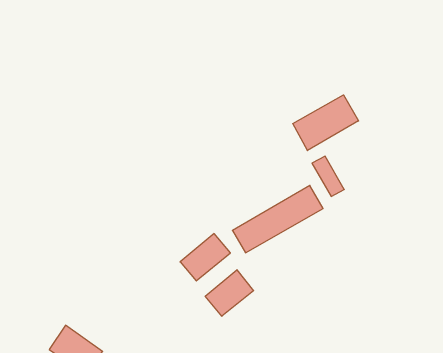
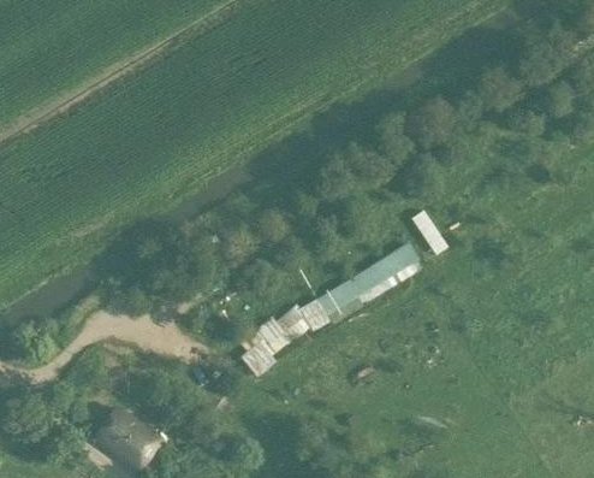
building: [293,95,359,151] -> none
building: [205,270,254,316] -> none

